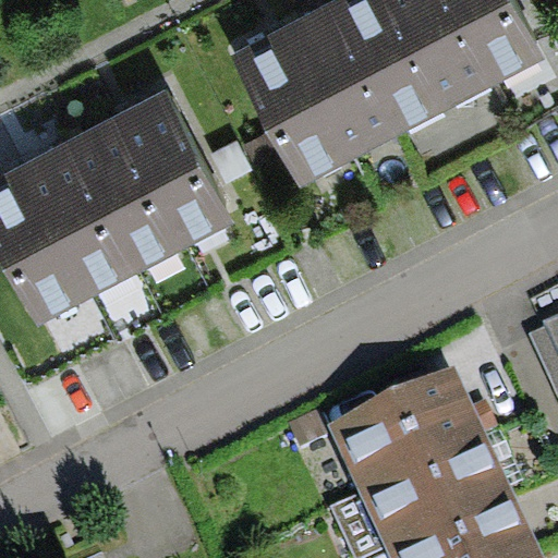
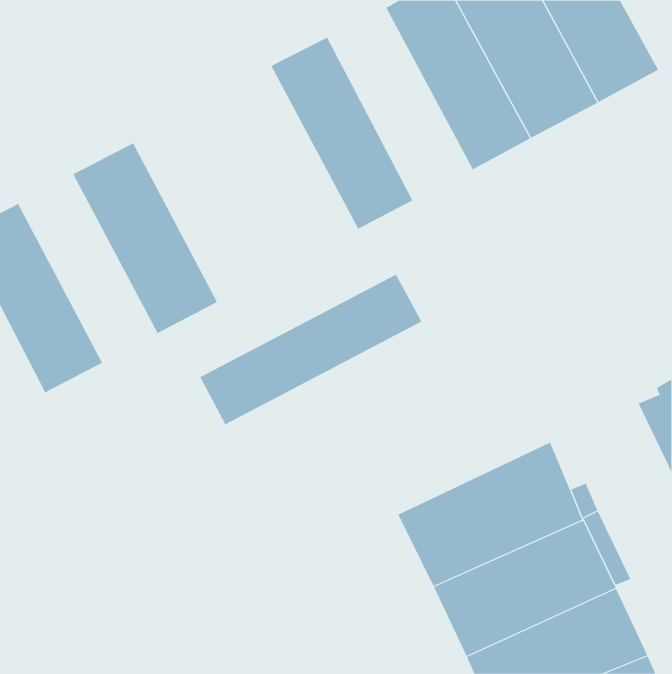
building: [270,7,390,166] -> none
building: [110,88,235,250] -> none
building: [15,144,130,300] -> none
building: none -> [199,274,422,425]

